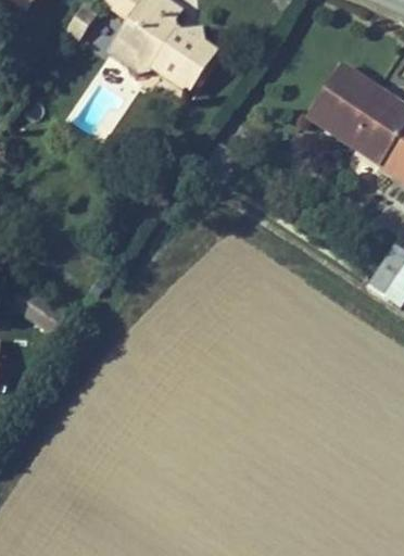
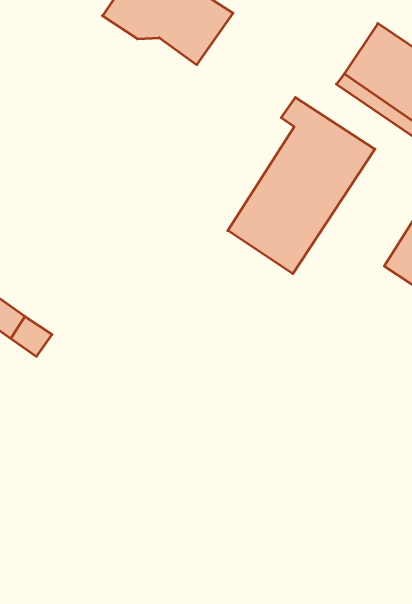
building: none -> [228,97,375,274]

